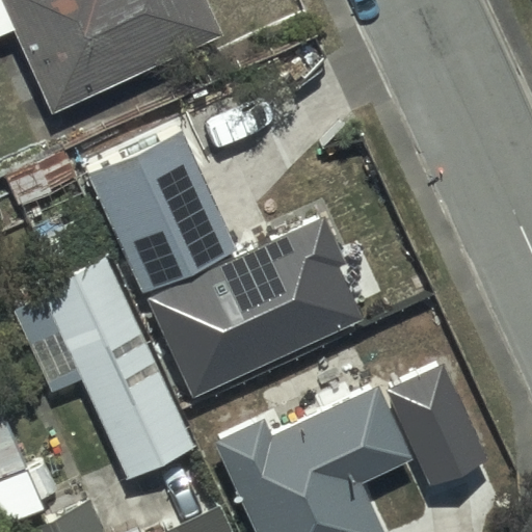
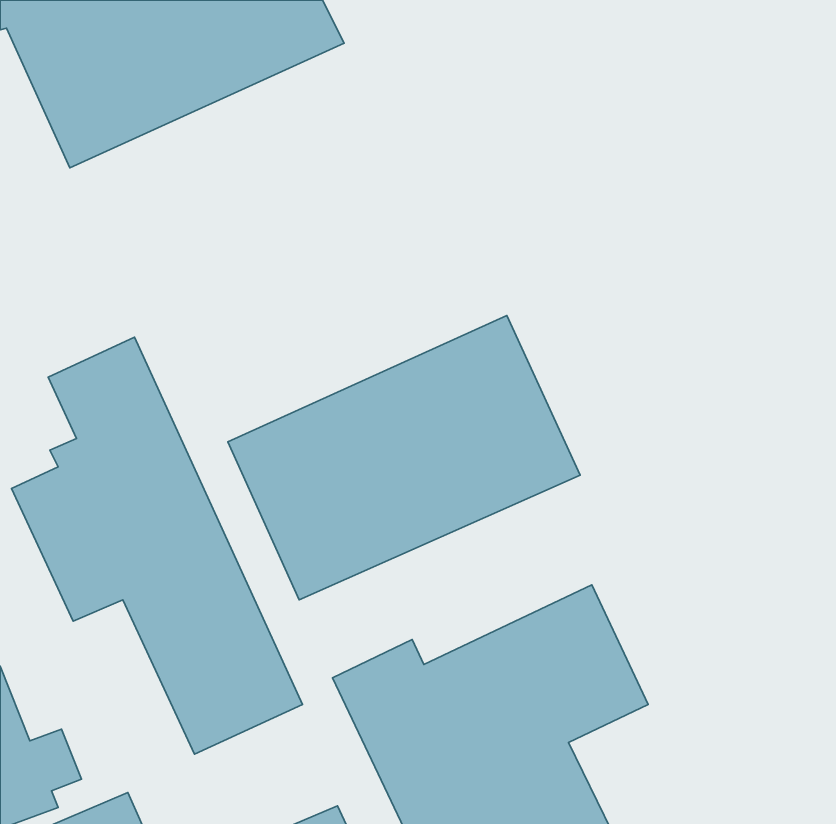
building: [83,124,234,290] -> none
building: [389,358,488,481] -> none

